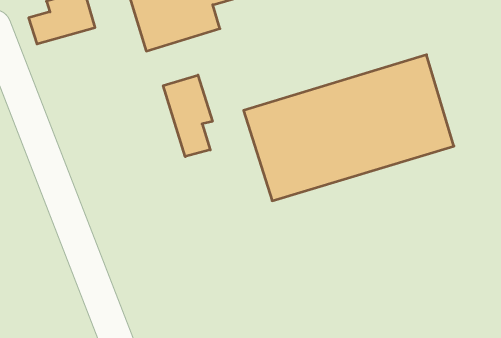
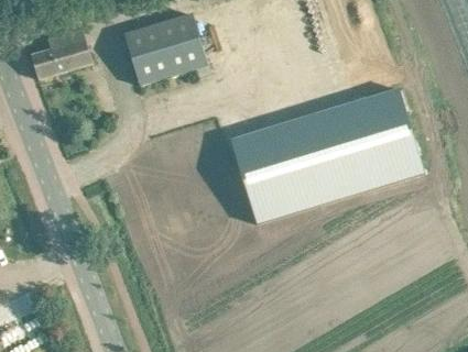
building: [163,75,212,157] -> none

